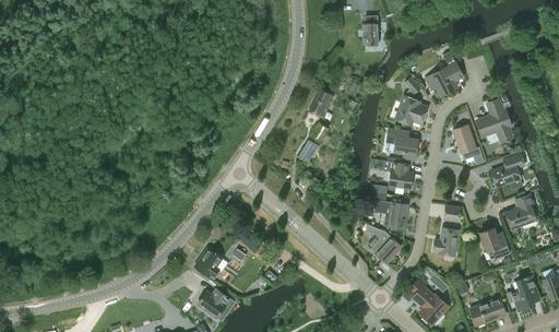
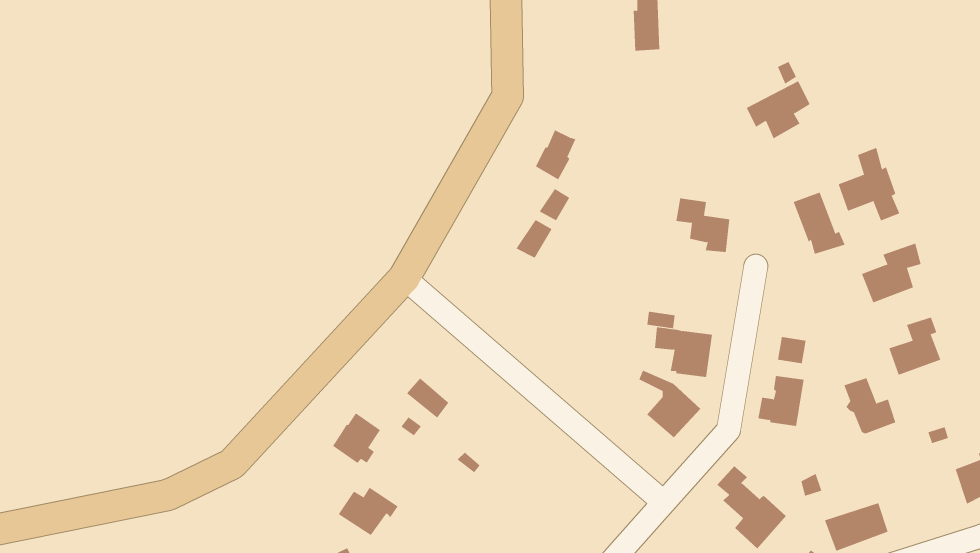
building: [395,78,428,124] -> none
building: [385,161,413,189] -> none
building: [512,275,539,310] -> none

